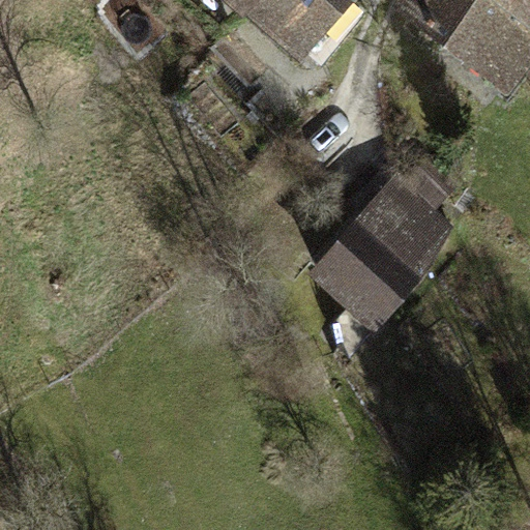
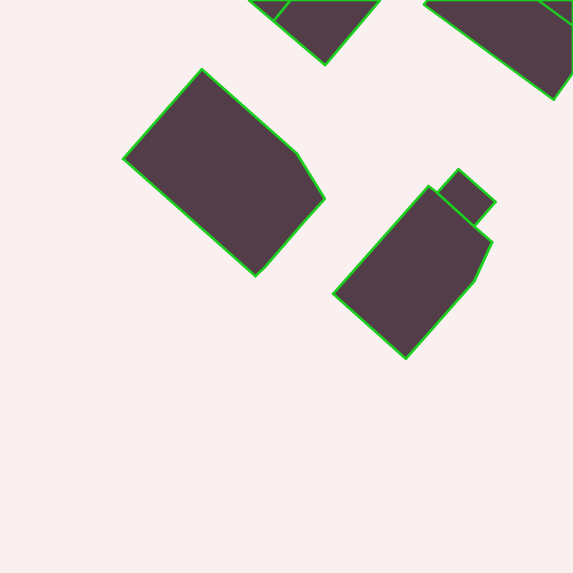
building: none -> [123,69,325,276]

